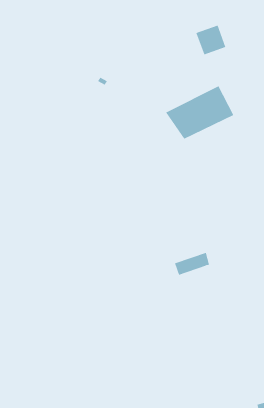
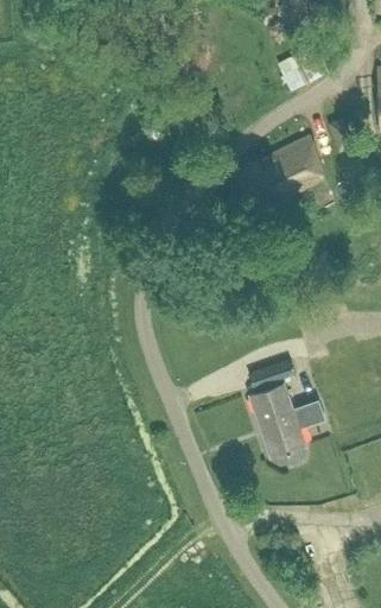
building: none -> [250,384,324,457]

